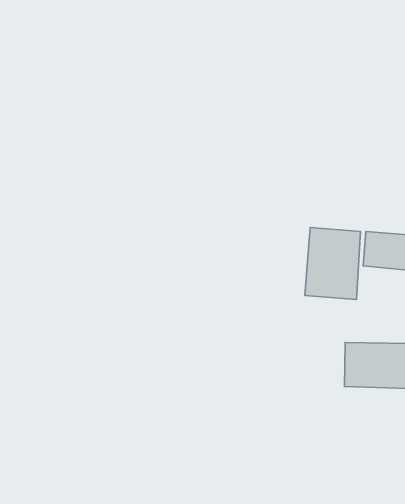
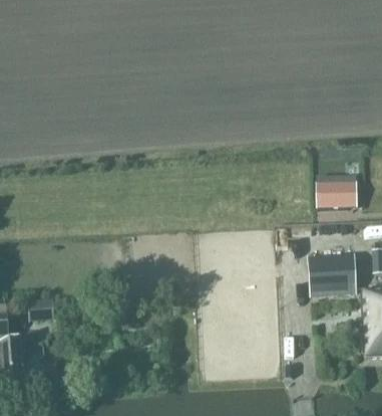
building: [305,228,360,300] -> none

